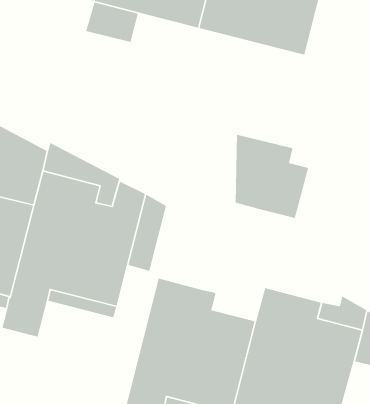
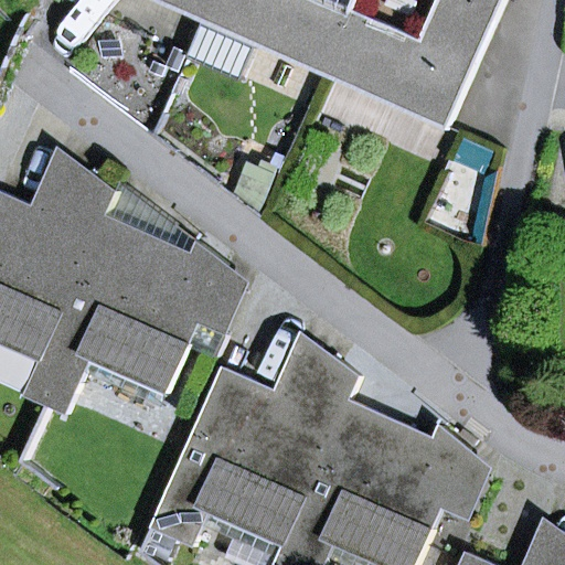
building: [235,134,309,219] -> none
building: none -> [275,332,359,438]

